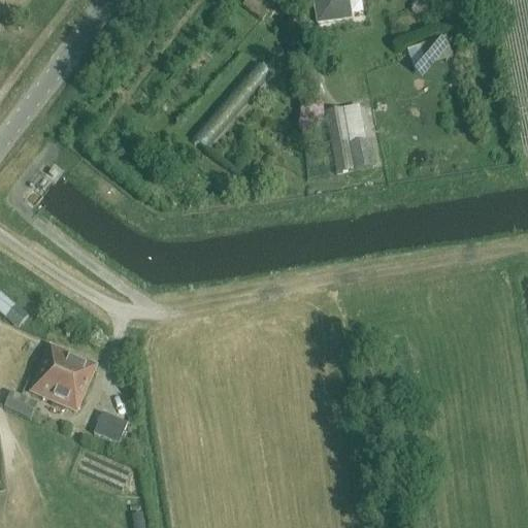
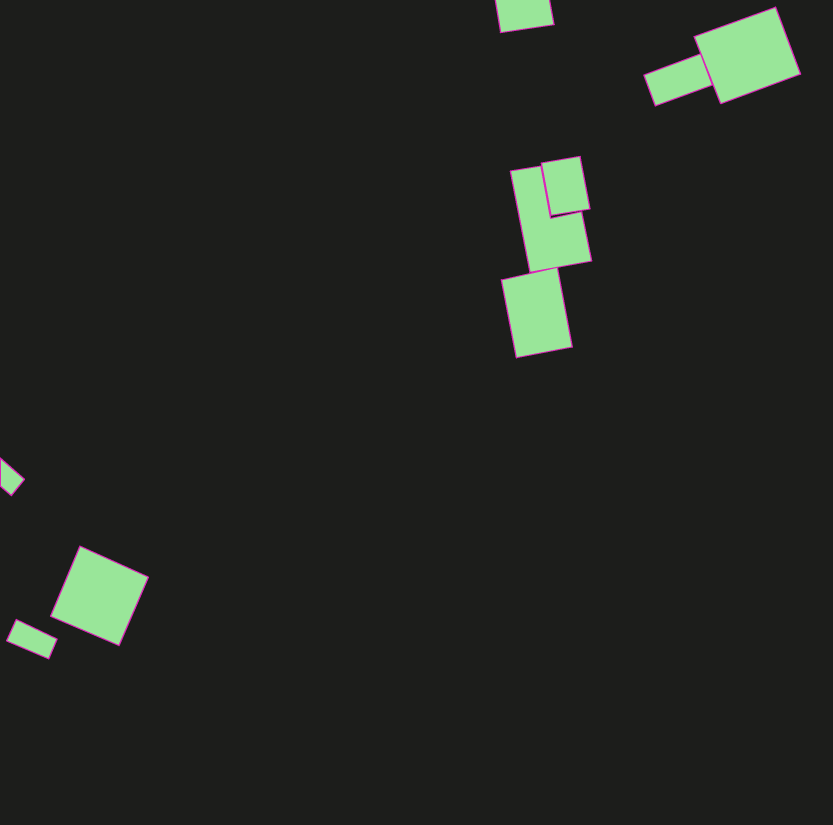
building: none -> [694,7,800,104]
building: none -> [501,267,572,358]
building: [93,410,127,442] -> none

